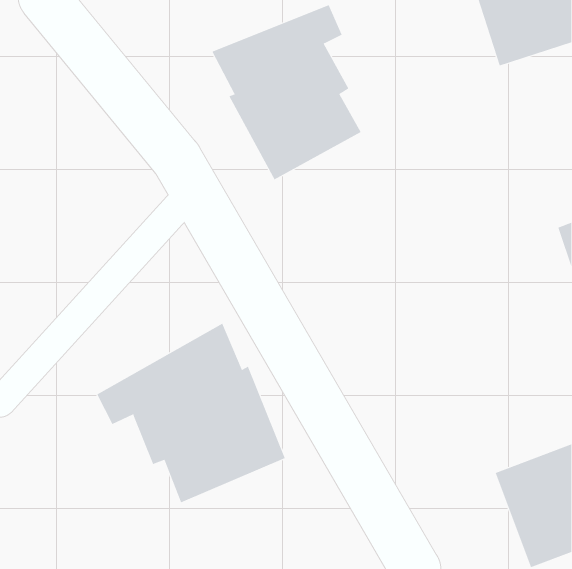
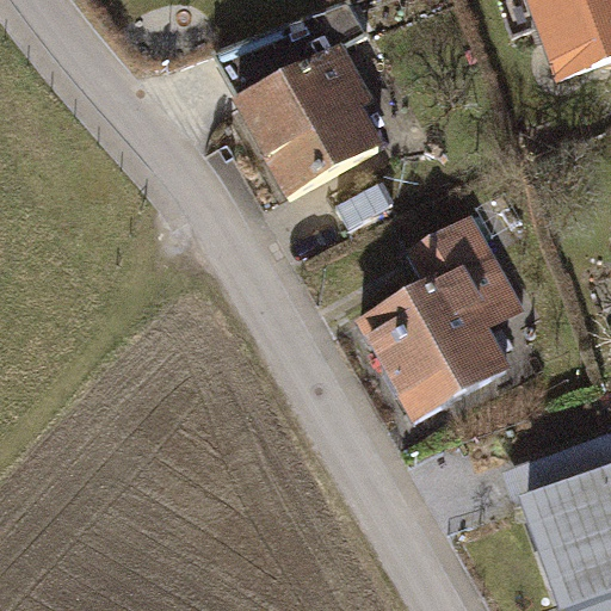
building: none -> [335,239,527,432]
building: [96,323,285,503] -> none

